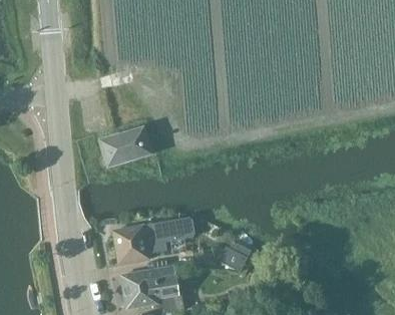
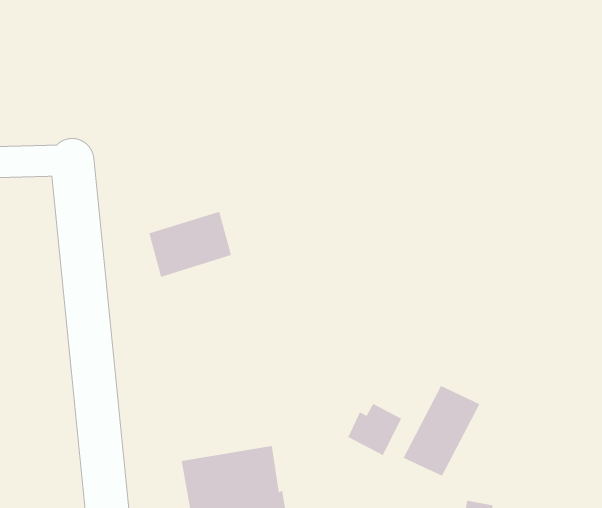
building: [112,217,194,265] -> none
building: none -> [403,385,480,476]

